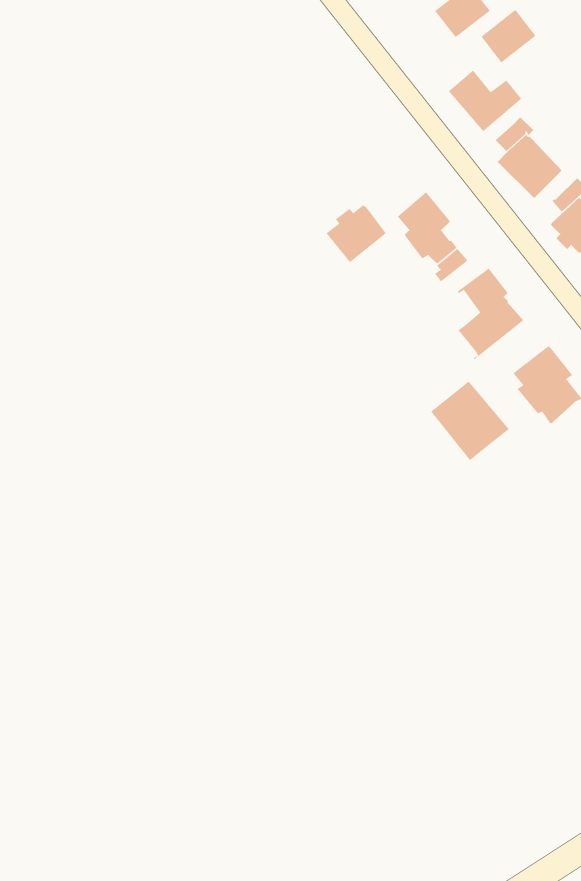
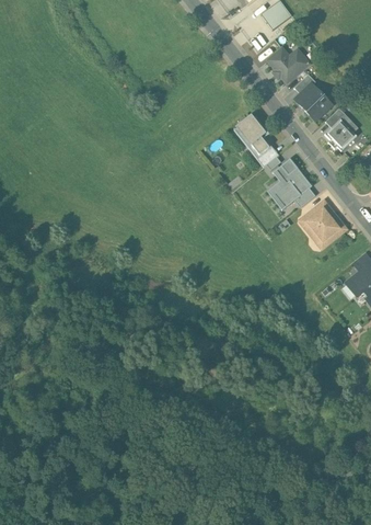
building: [480,9,536,63] -> none
building: [326,204,388,263] -> none
building: [430,379,510,461] -> none

